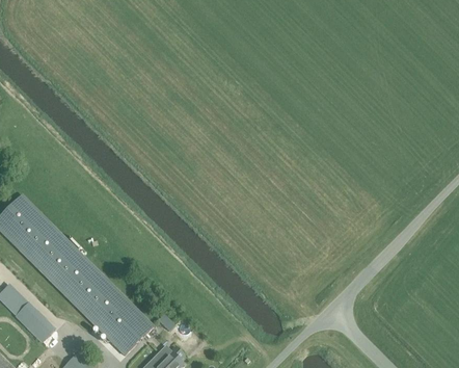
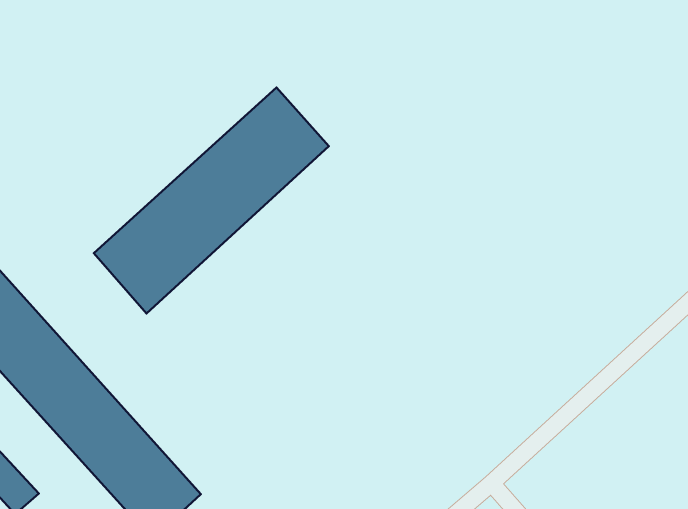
building: none -> [94,88,329,313]

